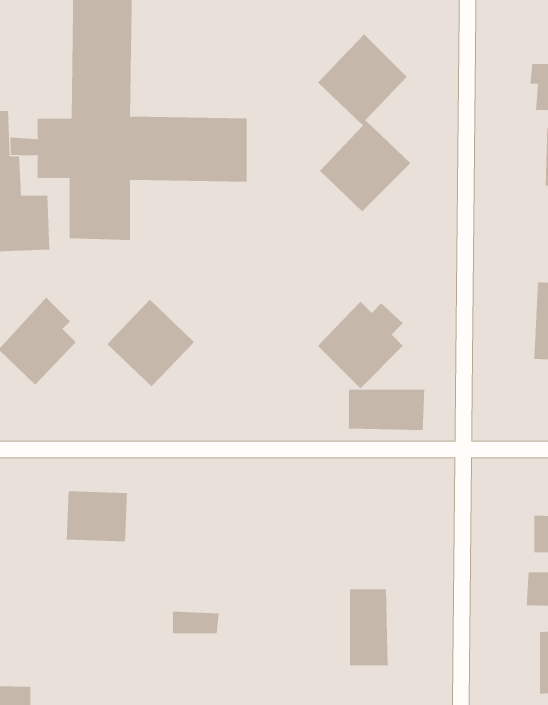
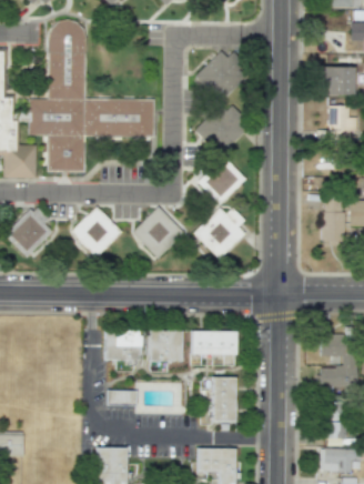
building: none -> [200,159,246,204]
building: none -> [132,208,184,260]
building: [348,389,425,431] -> [192,332,237,356]
building: [66,491,128,542] -> [104,331,141,361]
building: none -> [146,331,183,362]

